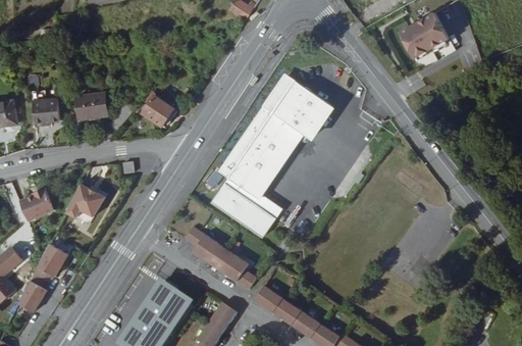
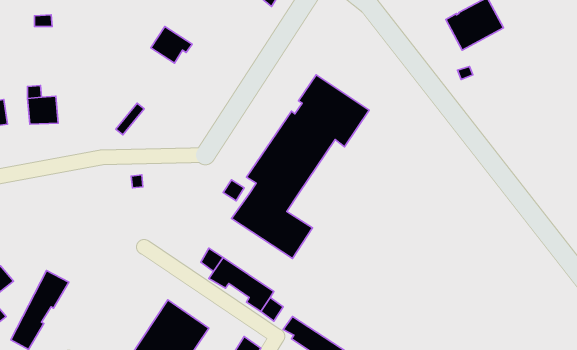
building: [75,92,105,115] -> none
building: [144,93,179,125] -> [151,27,192,63]
building: [16,181,51,214] -> none
building: [67,187,106,221] -> none

